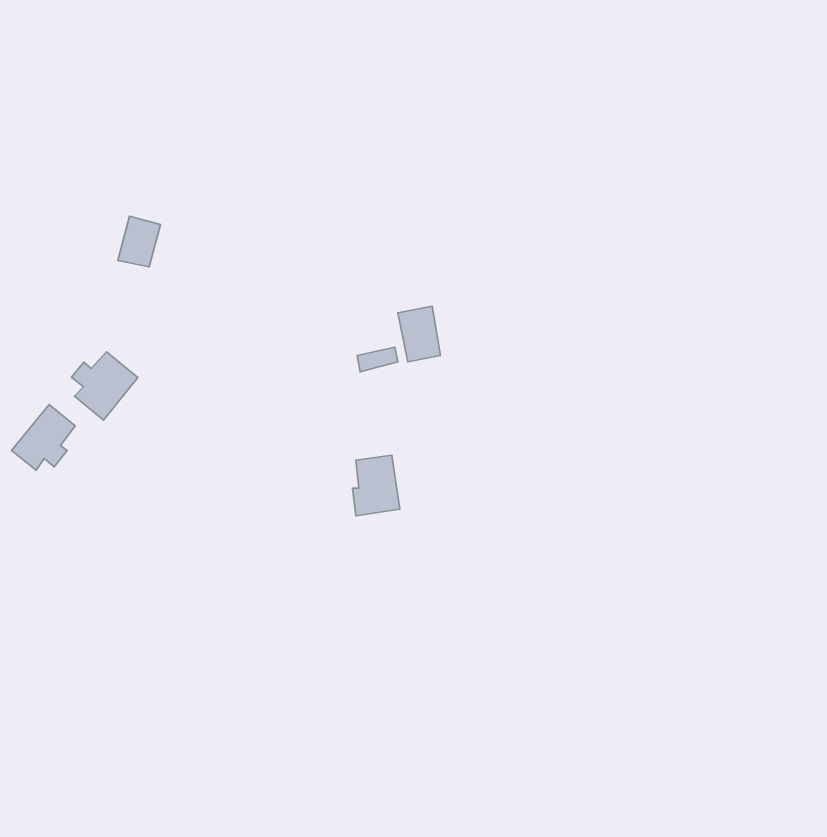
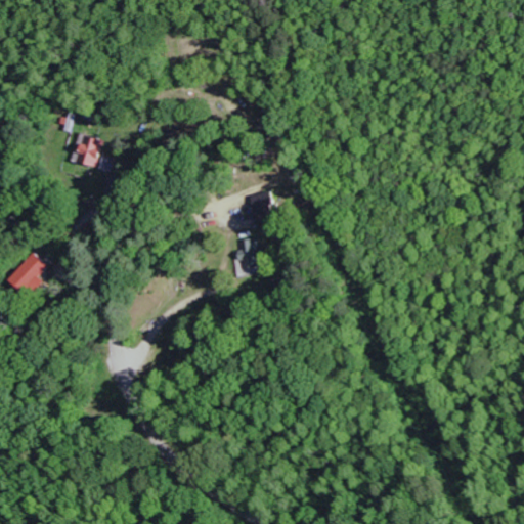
building: [71,352,138,420] -> none
building: [352,455,400,516] -> [233,238,263,276]

